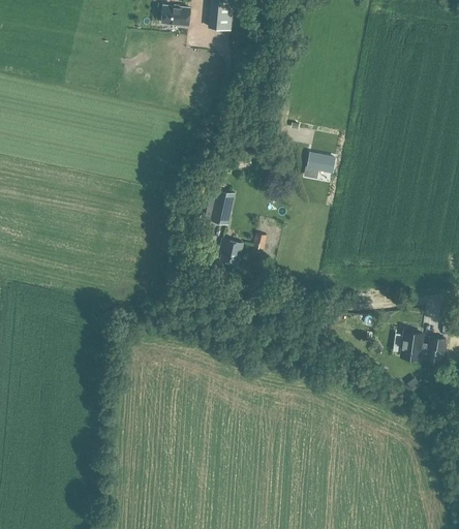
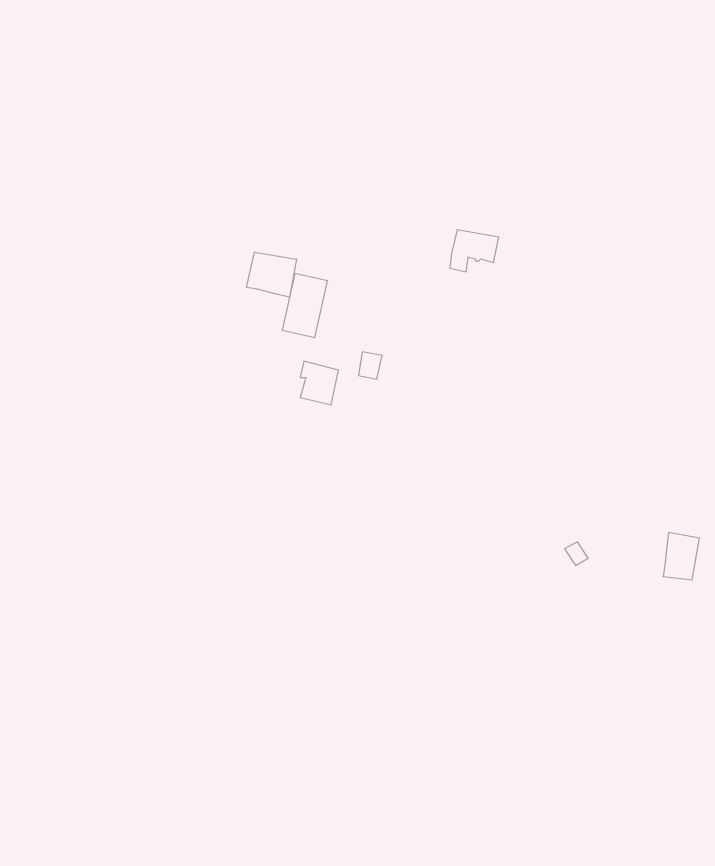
building: none -> [247,252,296,297]
building: [398,328,427,359] -> none

